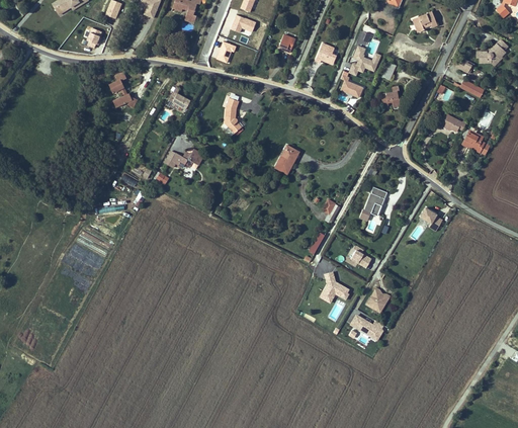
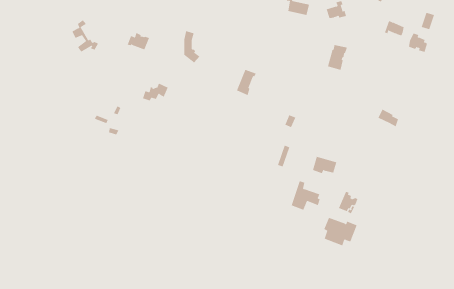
building: [363,187,387,216] -> [327,44,348,70]

